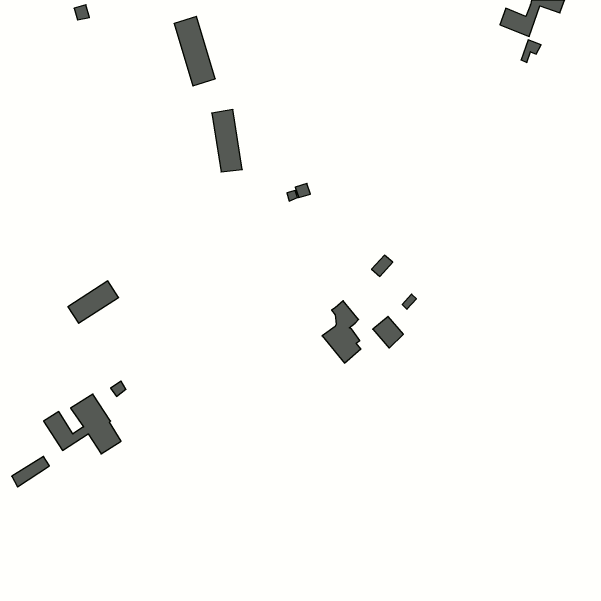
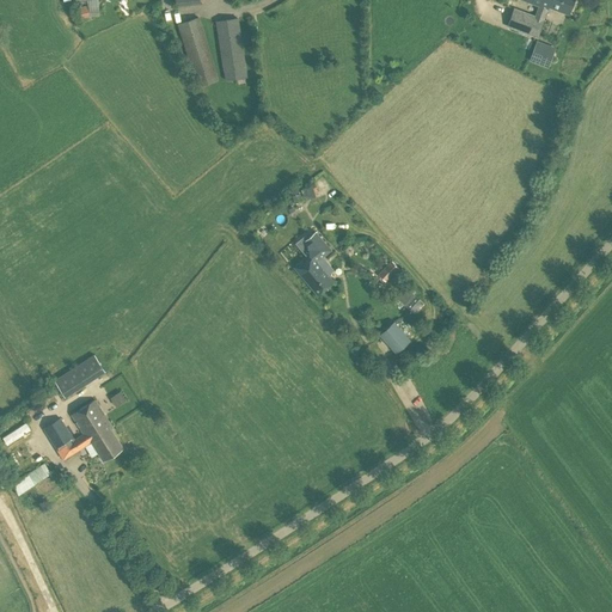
building: [212,110,242,172] -> [216,17,247,80]
building: [68,281,119,323] -> [54,354,105,397]
building: [322,301,361,363] -> [294,231,333,294]

